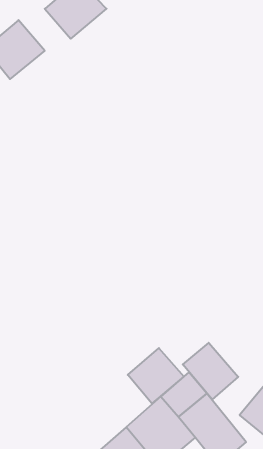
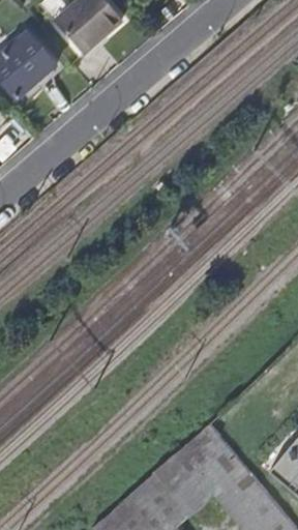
building: [183,343,238,400] -> none
building: [128,348,184,403] -> none

